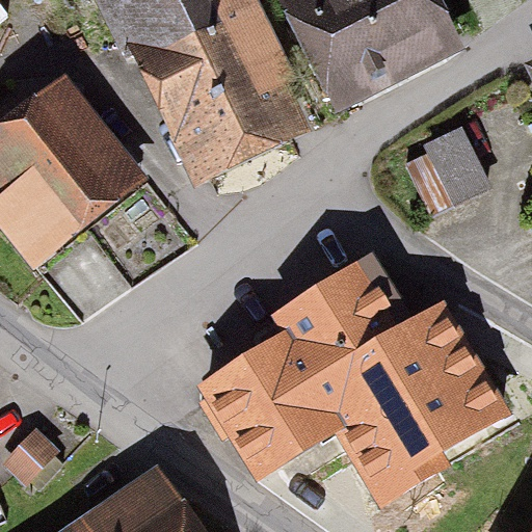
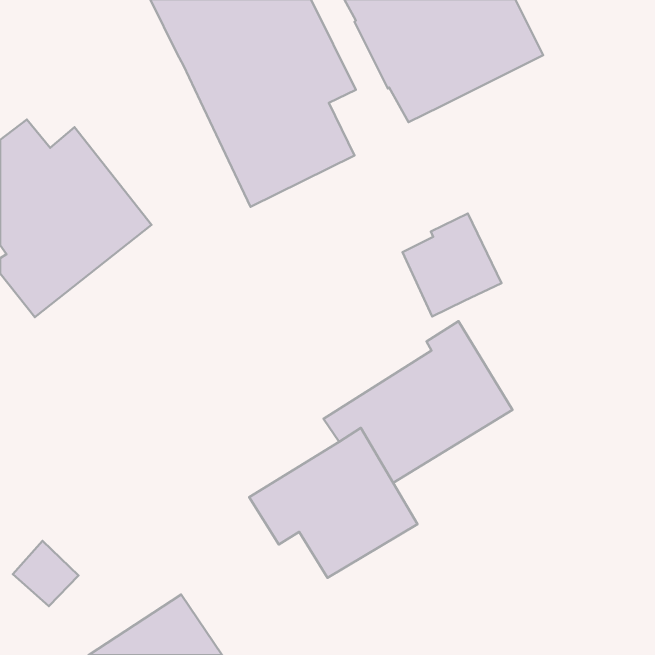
building: [407,135,487,218] -> [402,214,501,316]
building: [319,317,501,490] -> none

